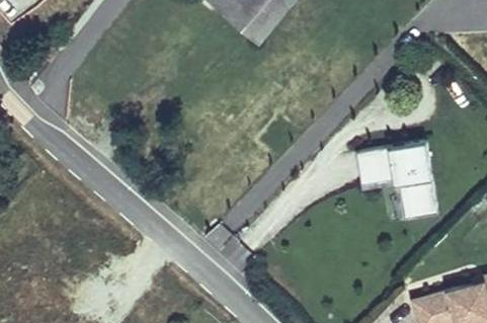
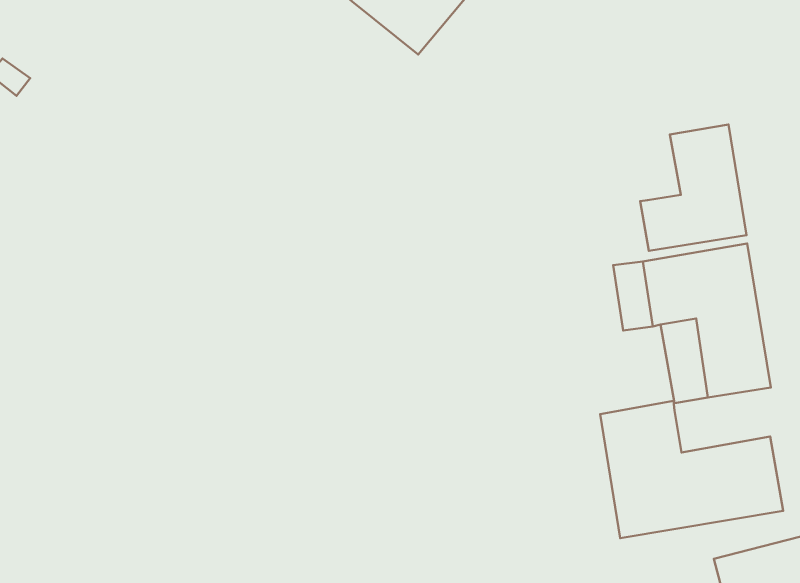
building: none -> [640,125,747,251]
building: none -> [600,401,783,538]

